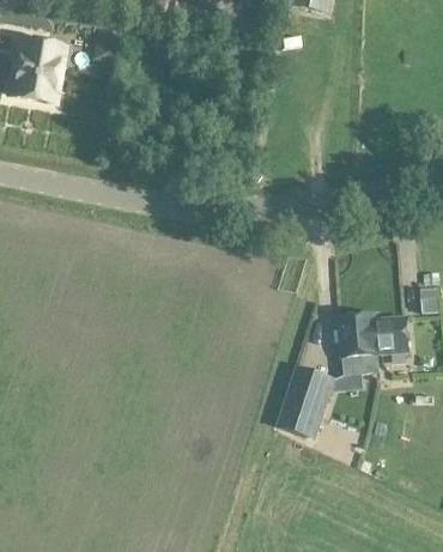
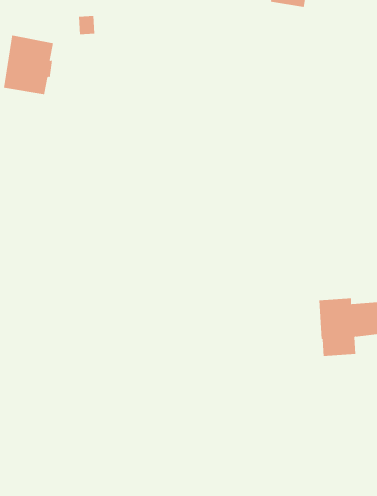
building: [277,366,333,437] -> none

